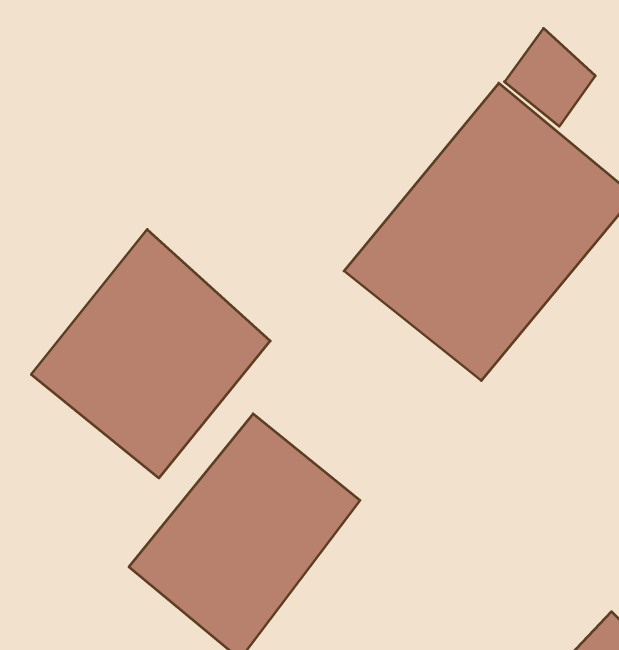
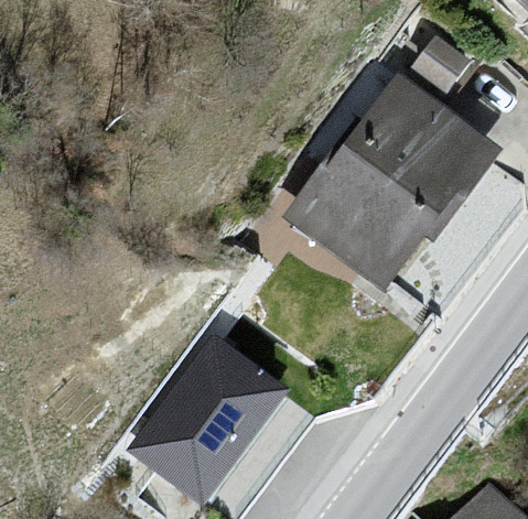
building: [31,229,270,478] -> none

